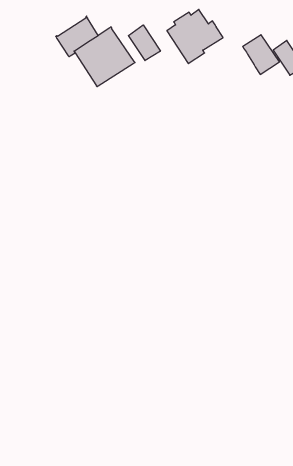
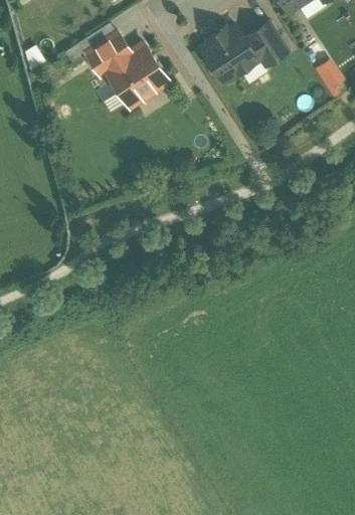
building: [128,25,160,61] -> none
building: [243,35,279,74] -> [249,25,288,66]

